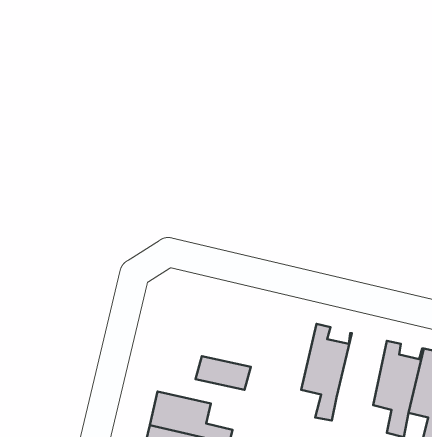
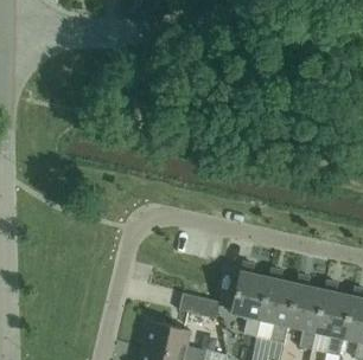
building: none -> [231,263,272,337]
building: none -> [287,276,326,349]

